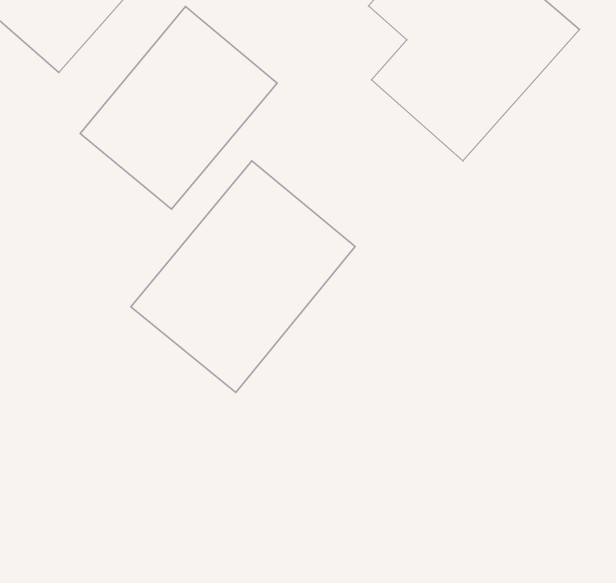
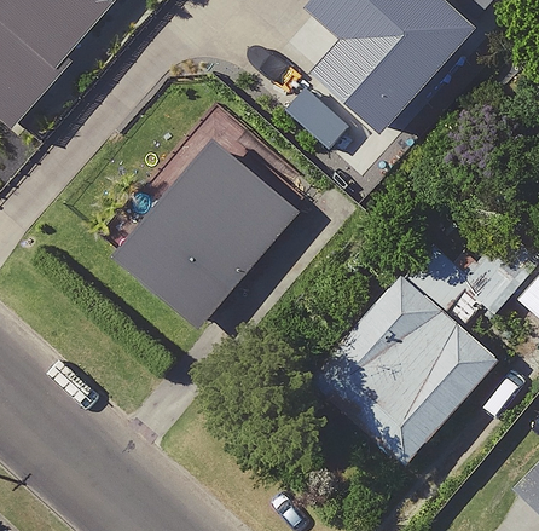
building: [80,6,277,209] -> none
building: none -> [308,273,500,466]

